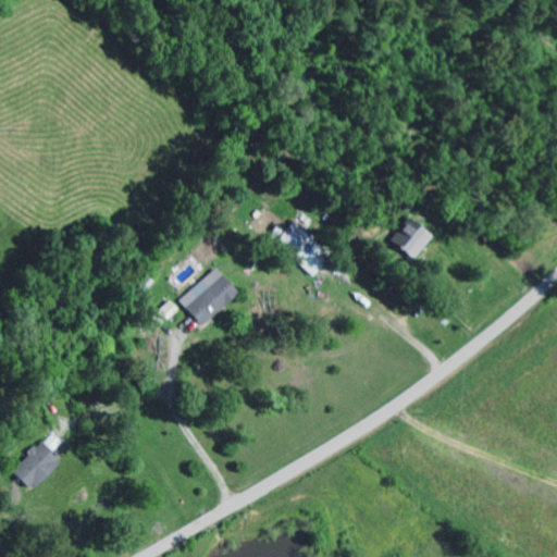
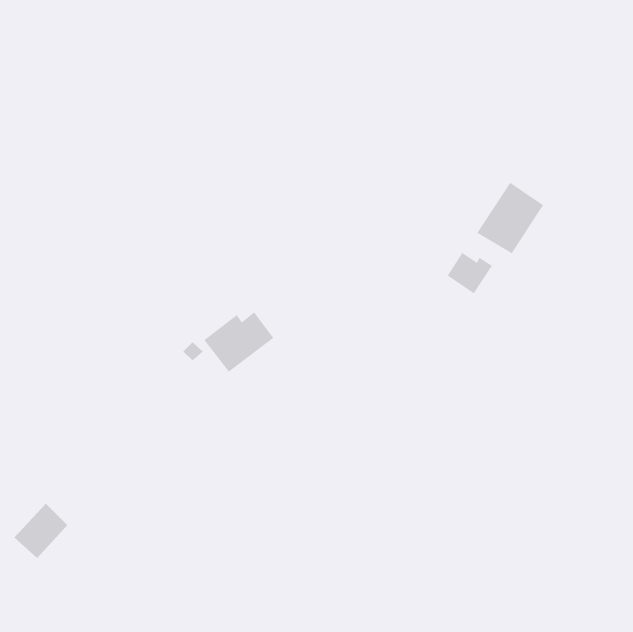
building: none -> [477,182,544,254]
building: [275,221,326,275] -> none

